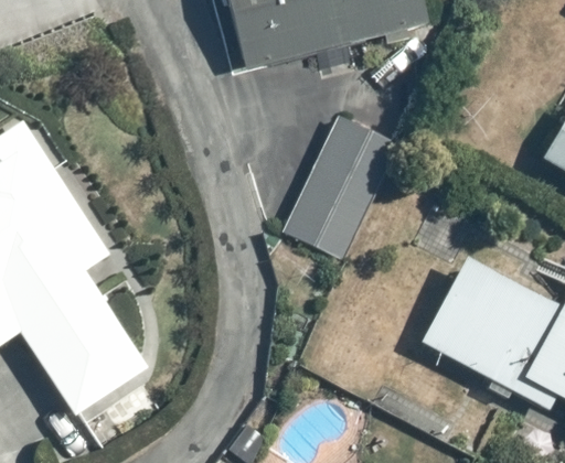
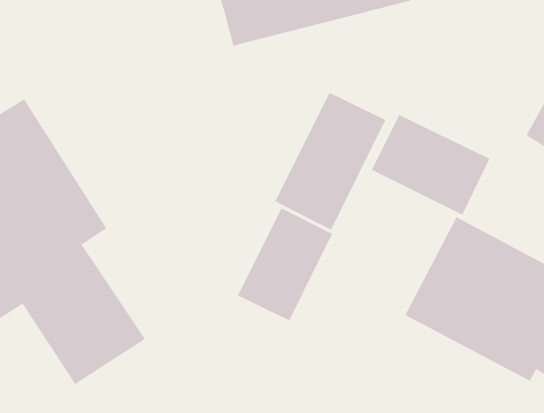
building: none -> [371,114,490,215]
building: none -> [237,208,333,321]

